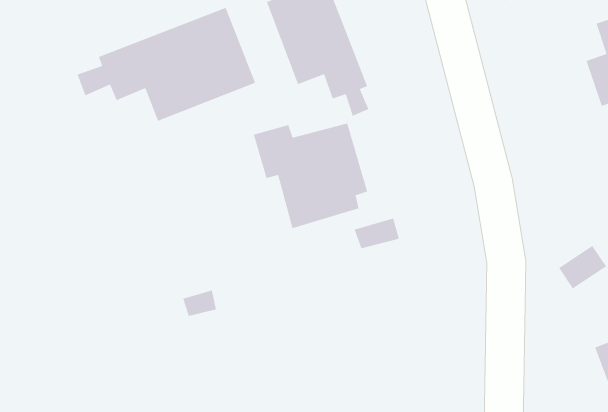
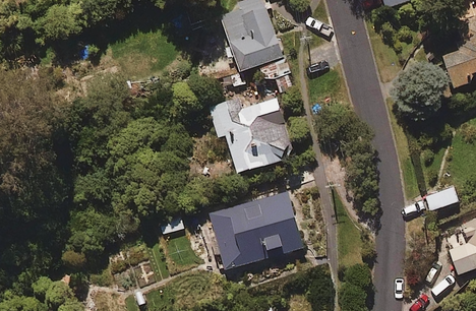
building: [77,7,256,122] -> none
building: none -> [209,191,303,269]

